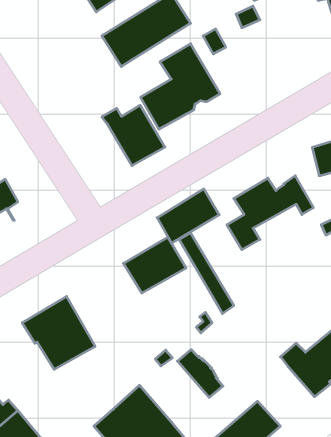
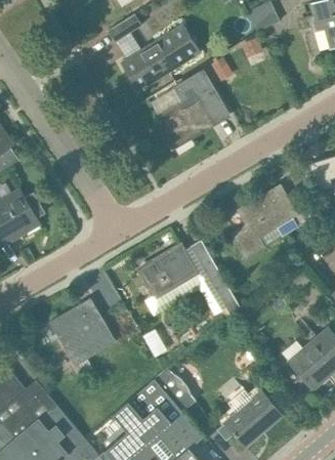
building: [102,105,165,166] -> none
building: [157,189,219,243] -> none
building: [177,350,223,397] -> [155,368,196,411]

